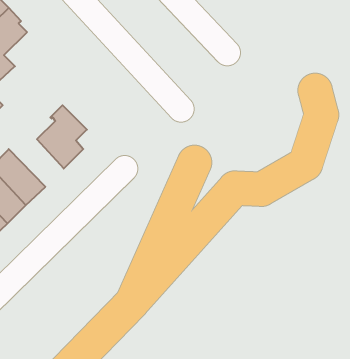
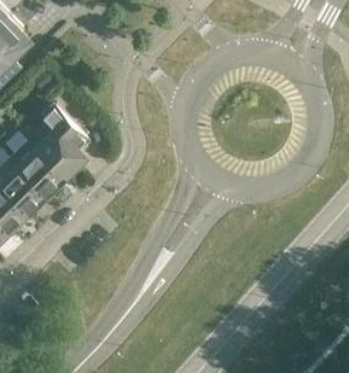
building: none -> [11,138,65,193]

